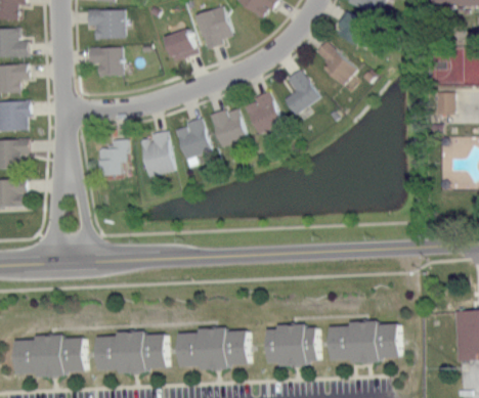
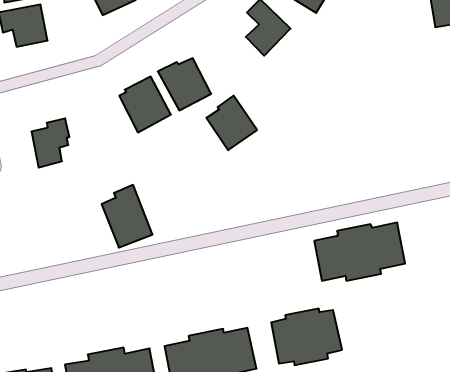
building: [243,91,281,134] -> [206,96,257,150]
building: [139,129,176,177] -> [102,185,153,248]
building: [331,320,400,362] -> [314,223,405,281]

